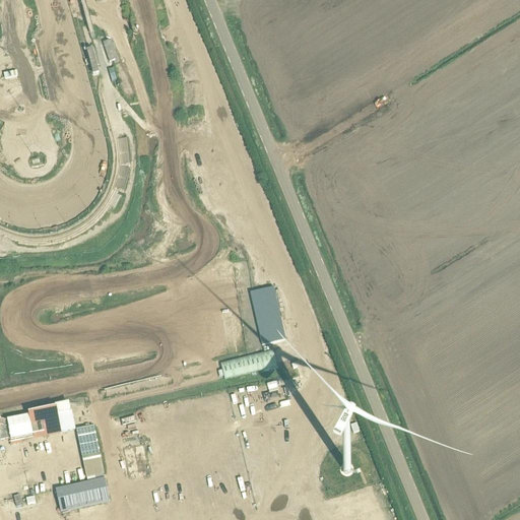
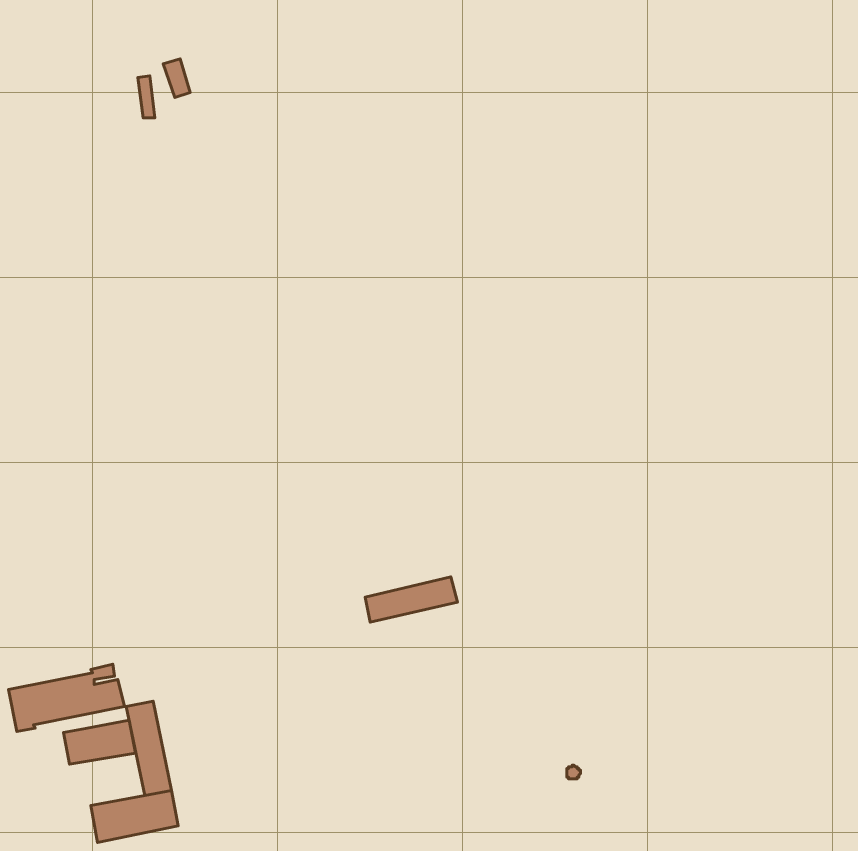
building: [249,284,285,342] -> none
building: none -> [64,720,135,764]

